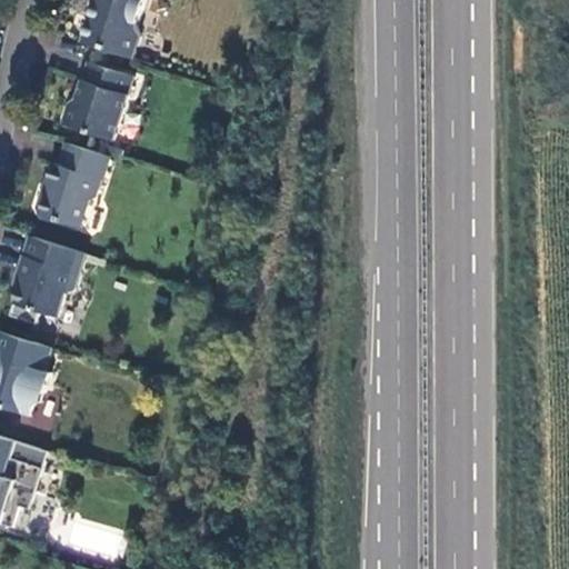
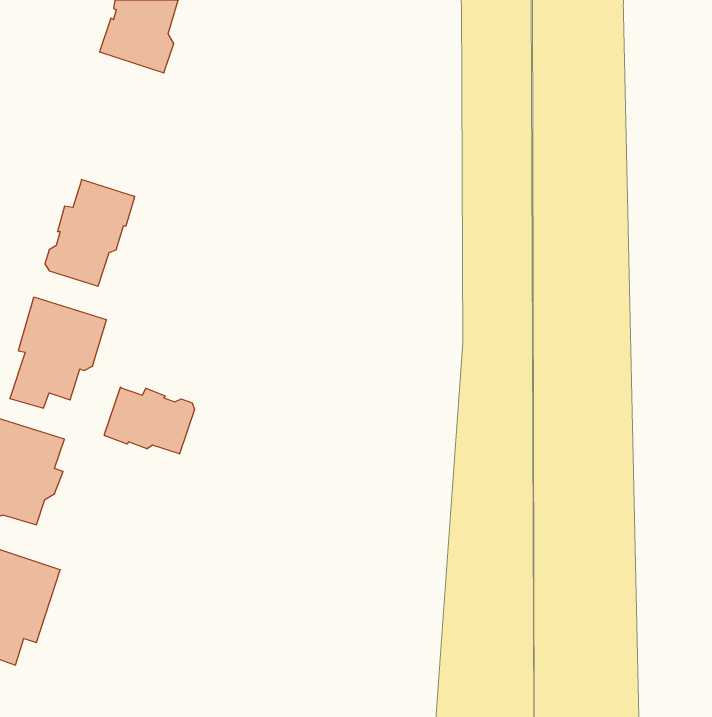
building: [60,61,131,139] -> none
building: none -> [104,387,194,454]

